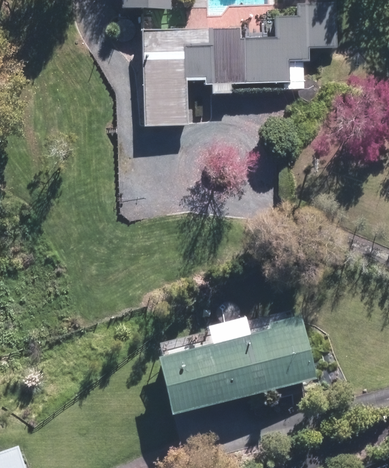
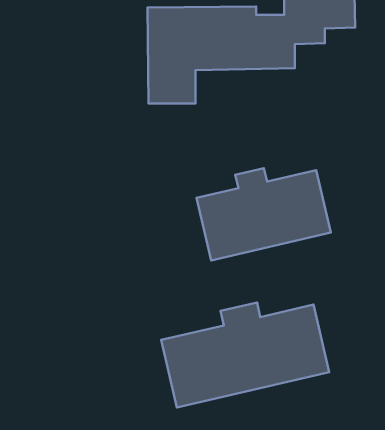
building: none -> [196,168,331,260]

